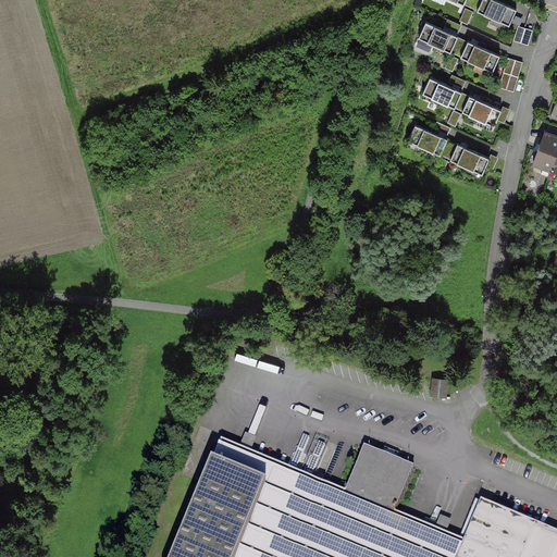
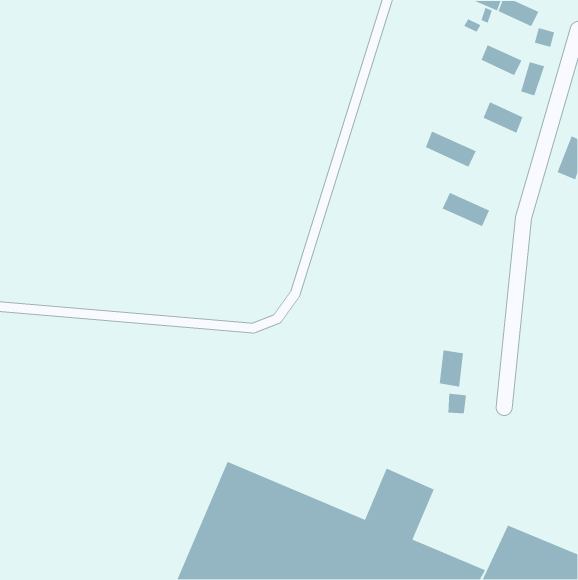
building: [417,23,467,58] -> none
building: [419,77,469,113] -> none
building: [449,145,496,178] -> [441,192,490,227]
building: none -> [439,350,464,387]

